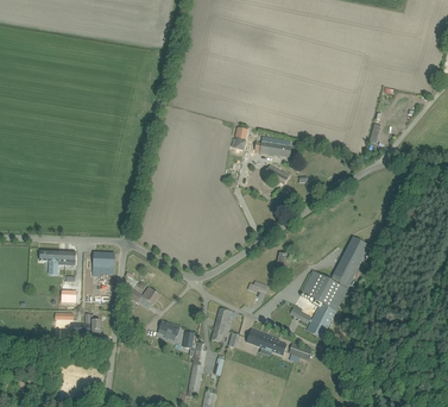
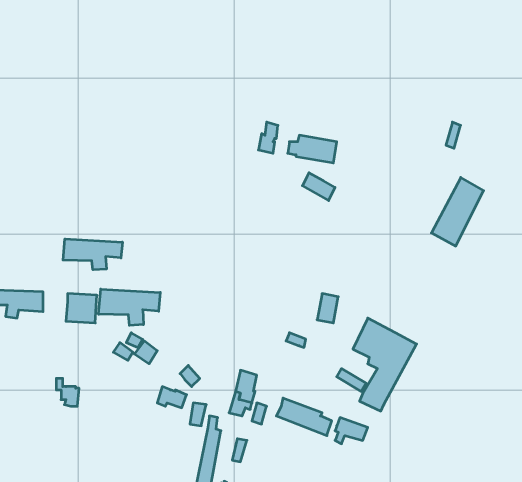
building: none -> [63,239,122,270]
building: [330,237,368,287] -> [431,177,484,246]
building: none -> [99,289,160,325]

